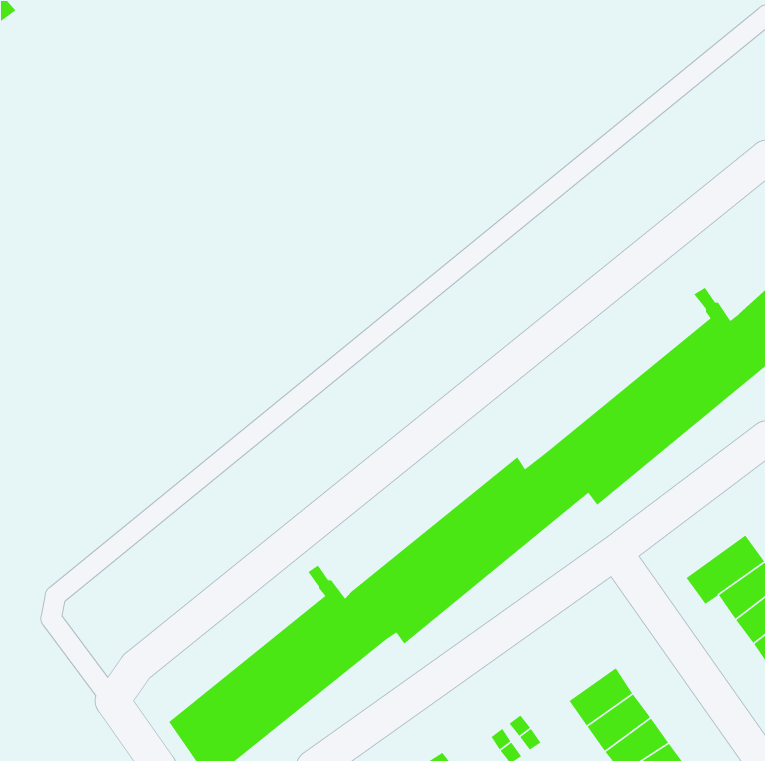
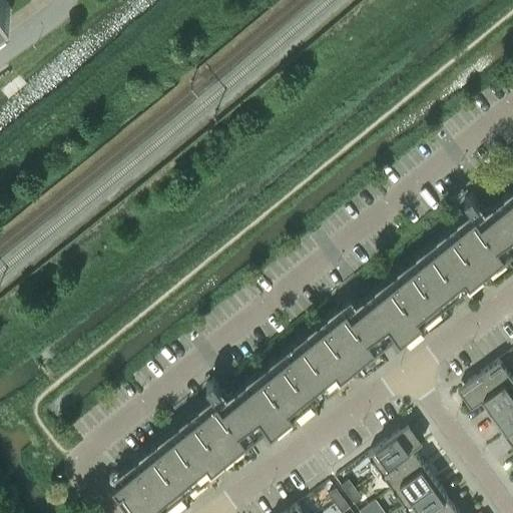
building: none -> [369,425,423,472]

